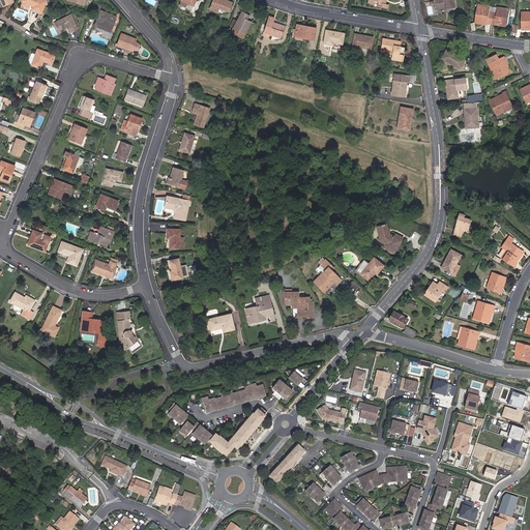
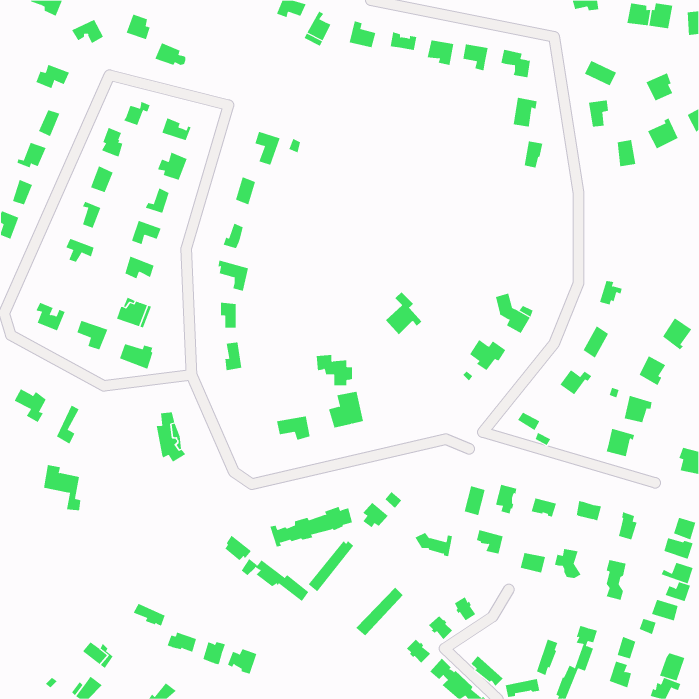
building: [313,260,341,293] -> [385,291,422,335]
building: [283,292,311,316] -> [316,354,353,386]
building: [79,313,108,348] -> [43,464,81,511]
building: [362,466,410,489] -> none

